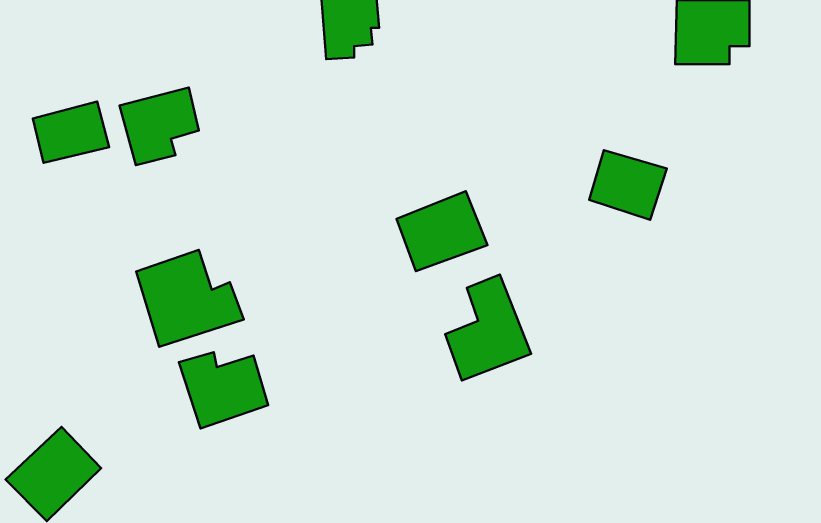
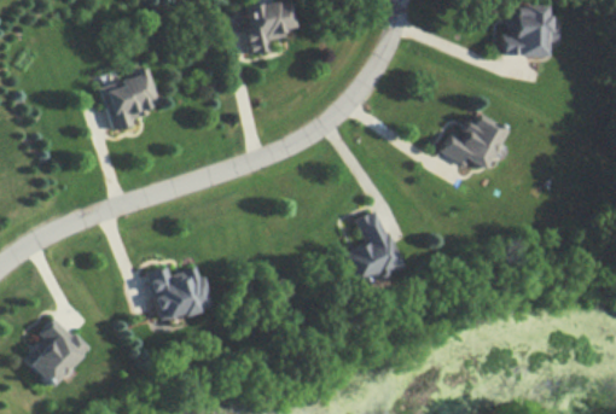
building: [33,102,109,163] -> none
building: [396,191,487,271] -> none
building: [136,250,244,347] -> none

